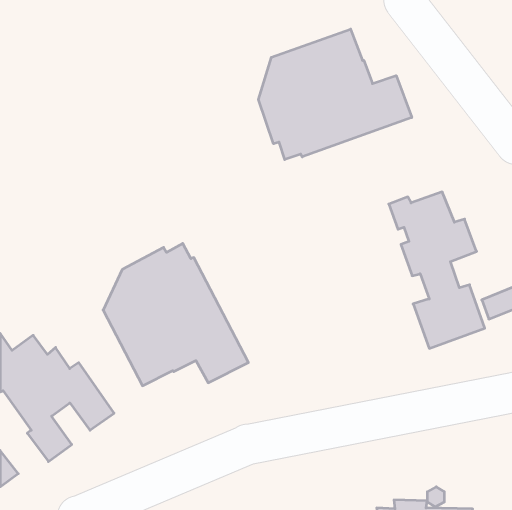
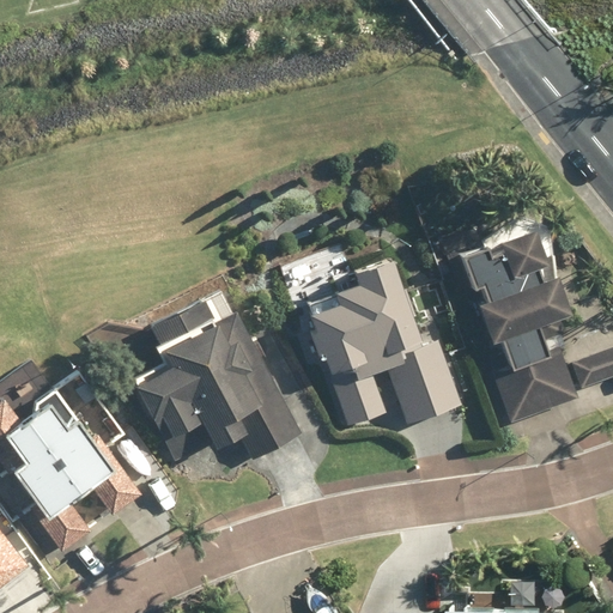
building: [258,29,412,160] -> none
building: none -> [306,254,460,425]

